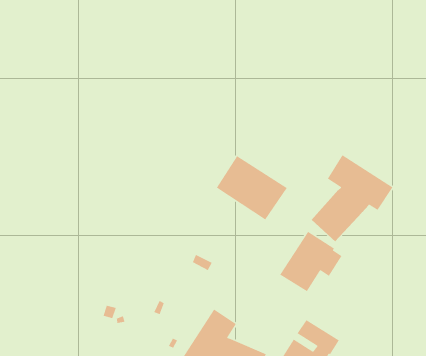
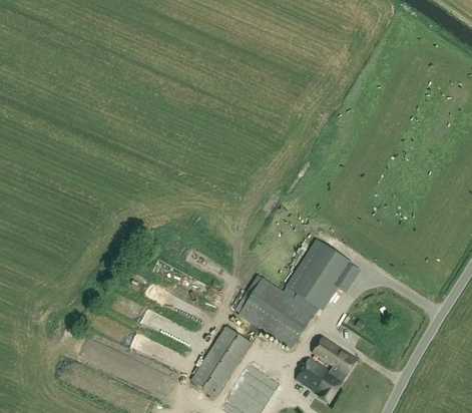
building: [311,154,394,242] -> none
building: [216,155,288,220] -> [239,278,314,346]

